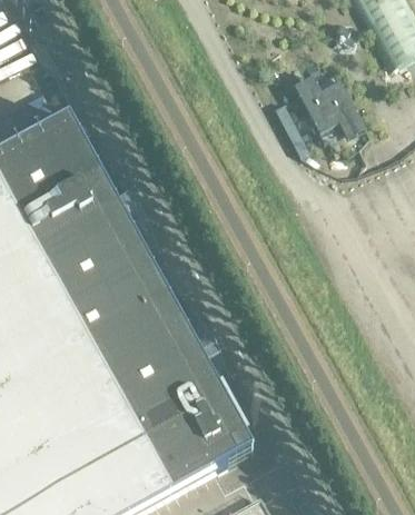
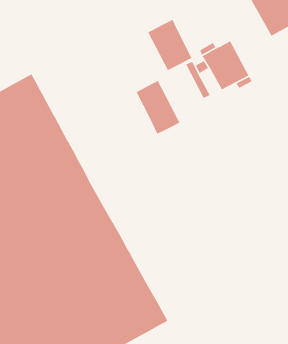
building: none -> [147,19,192,71]
building: none -> [135,80,181,135]

